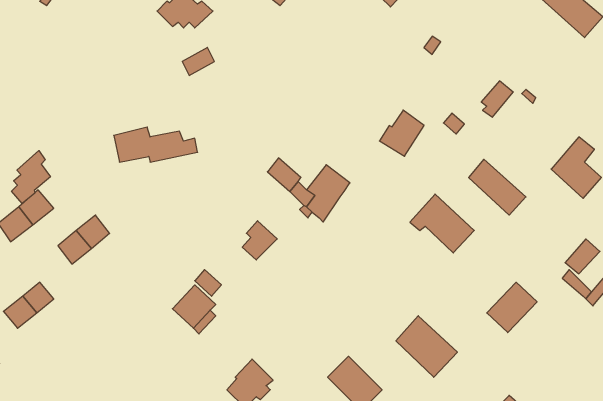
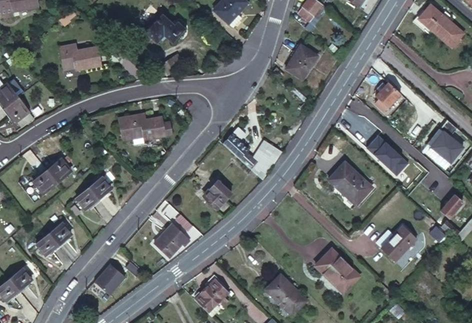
building: none -> [57,44,97,70]
building: [379,110,424,156] -> [286,47,318,80]
building: [12,151,50,204] -> none
building: none -> [95,266,126,297]

